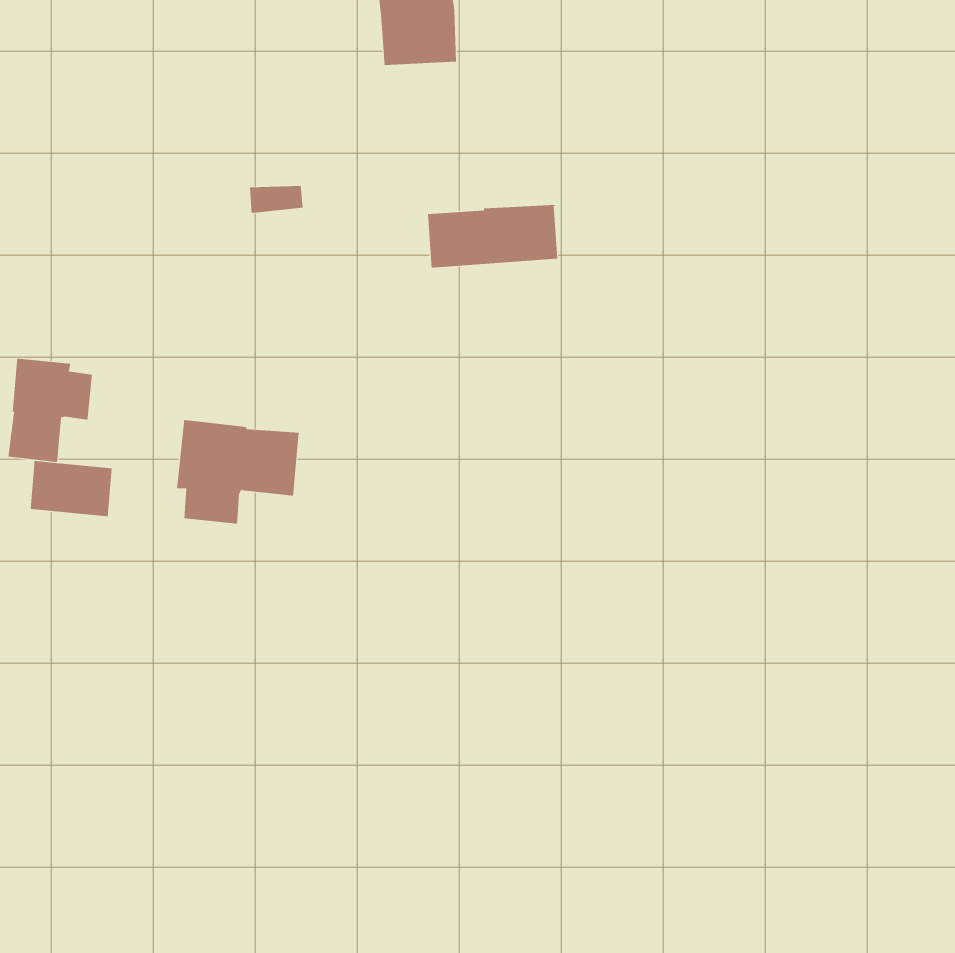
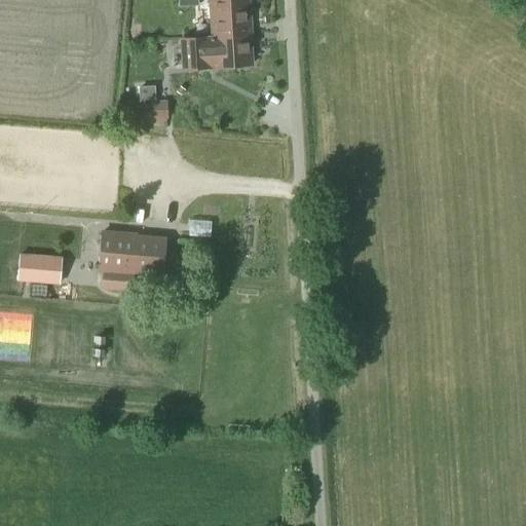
building: [427,204,558,268] -> [181,34,253,69]
building: [8,358,93,463] -> none

